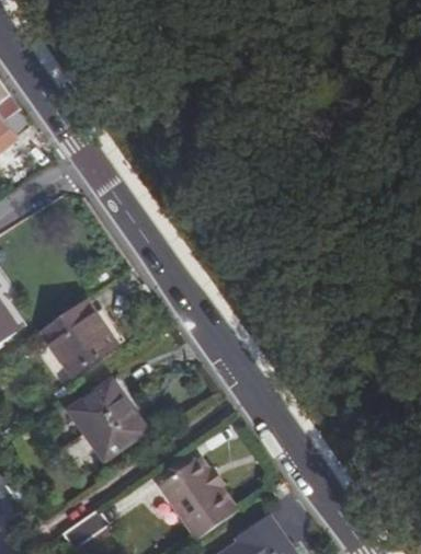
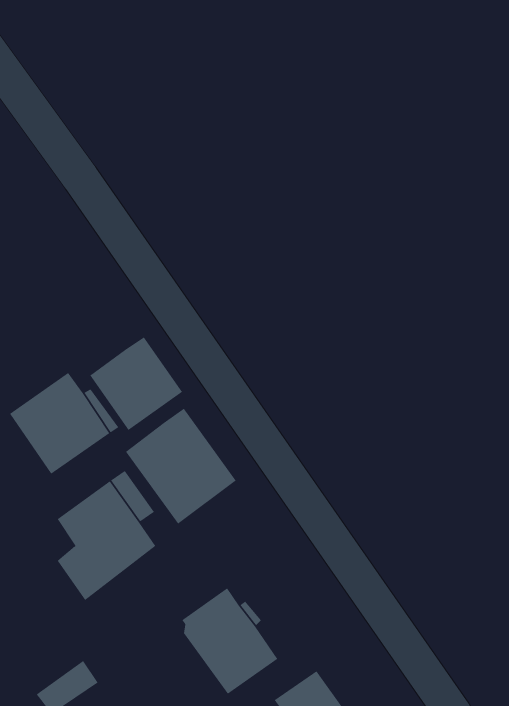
building: none -> [90,336,183,431]
building: none -> [125,408,237,524]

